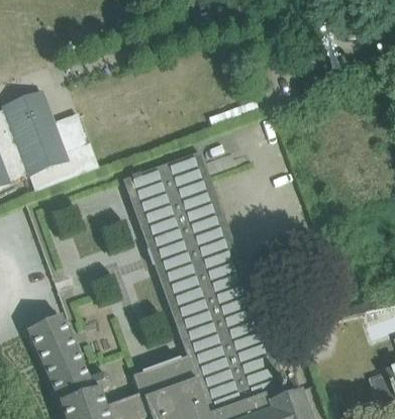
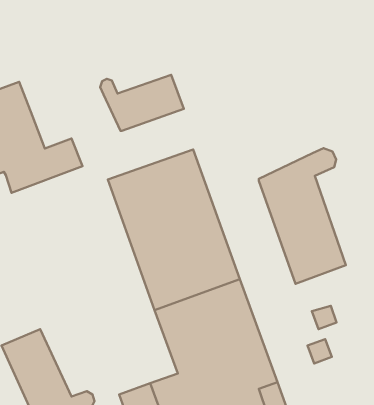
building: none -> [100,75,184,131]
building: none -> [259,148,346,284]

